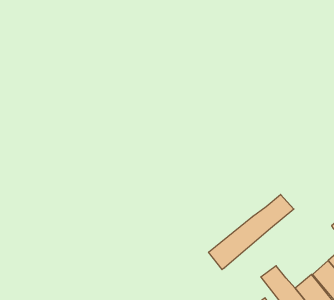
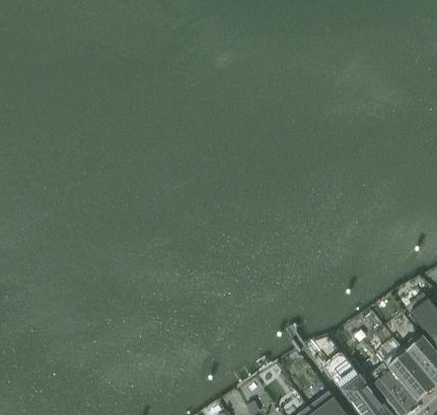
building: [209,194,294,270] -> none

